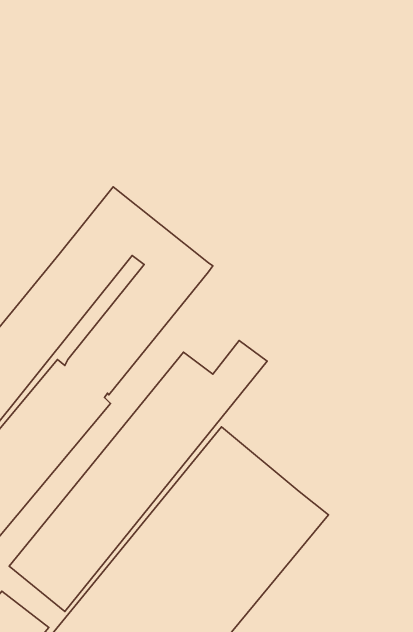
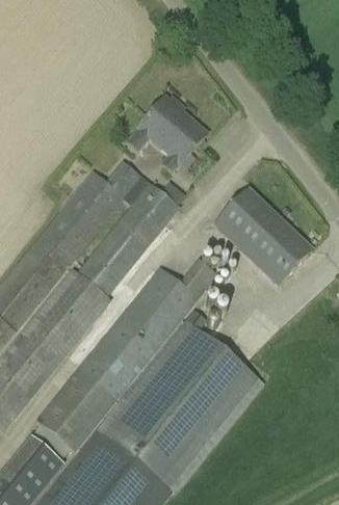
building: none -> [126,95,207,174]
building: none -> [214,190,312,286]

